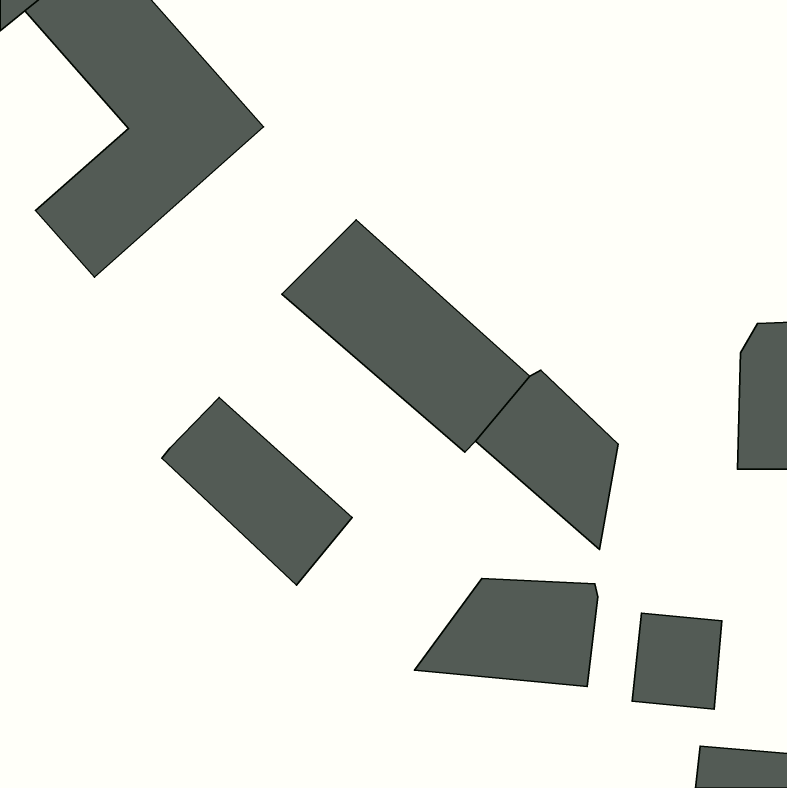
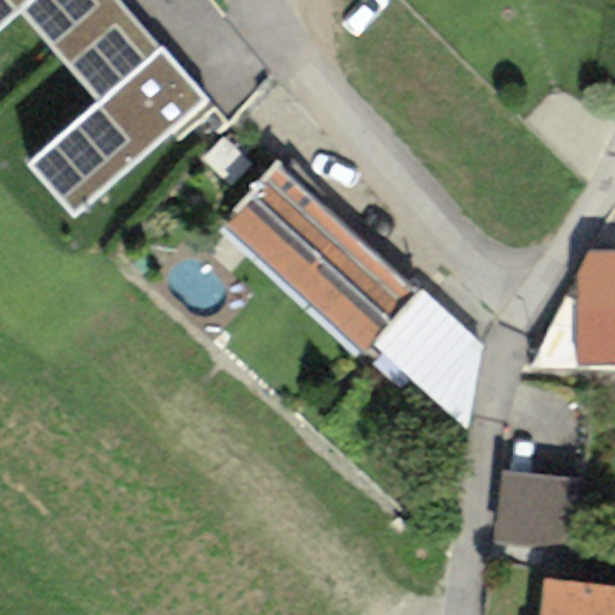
building: [162,398,352,585] -> none
building: [415,579,598,686] -> none

